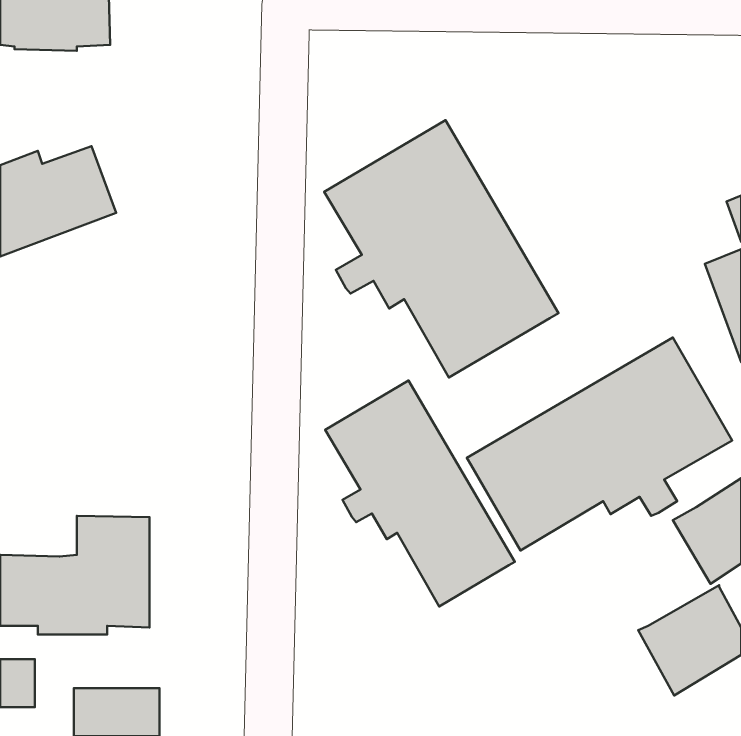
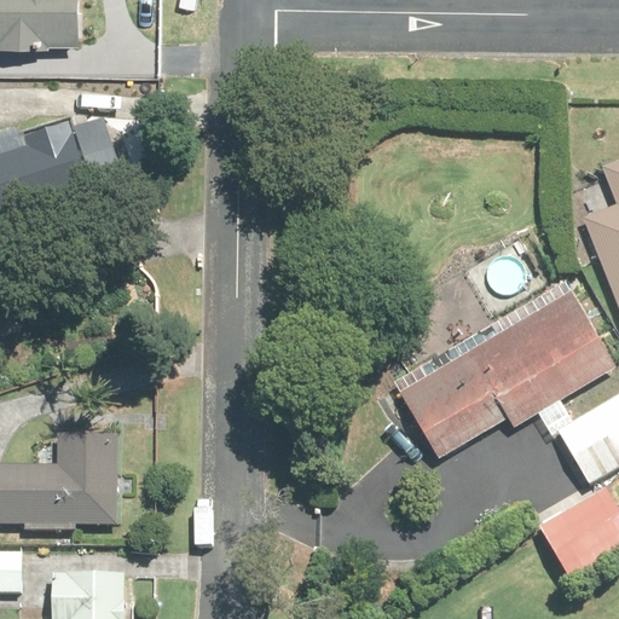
building: [324,120,558,378] -> none
building: [325,381,515,606] -> none

